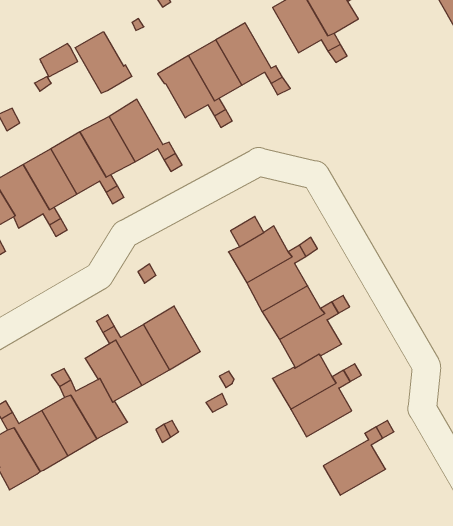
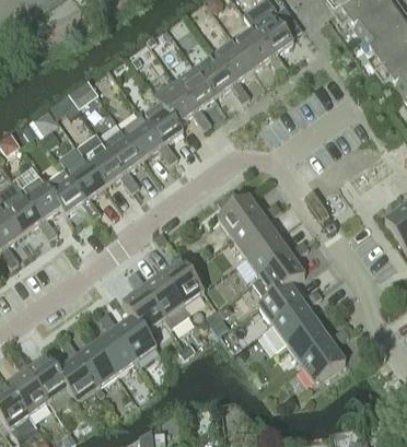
building: none -> [212,38,253,82]
building: [75,32,132,93] -> [140,101,183,144]
building: none -> [286,321,330,363]

